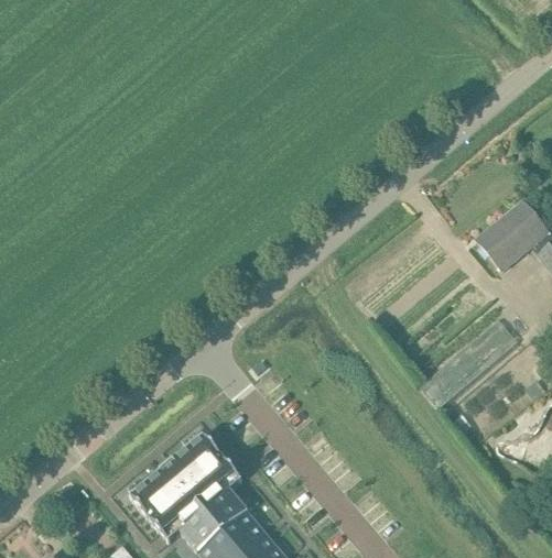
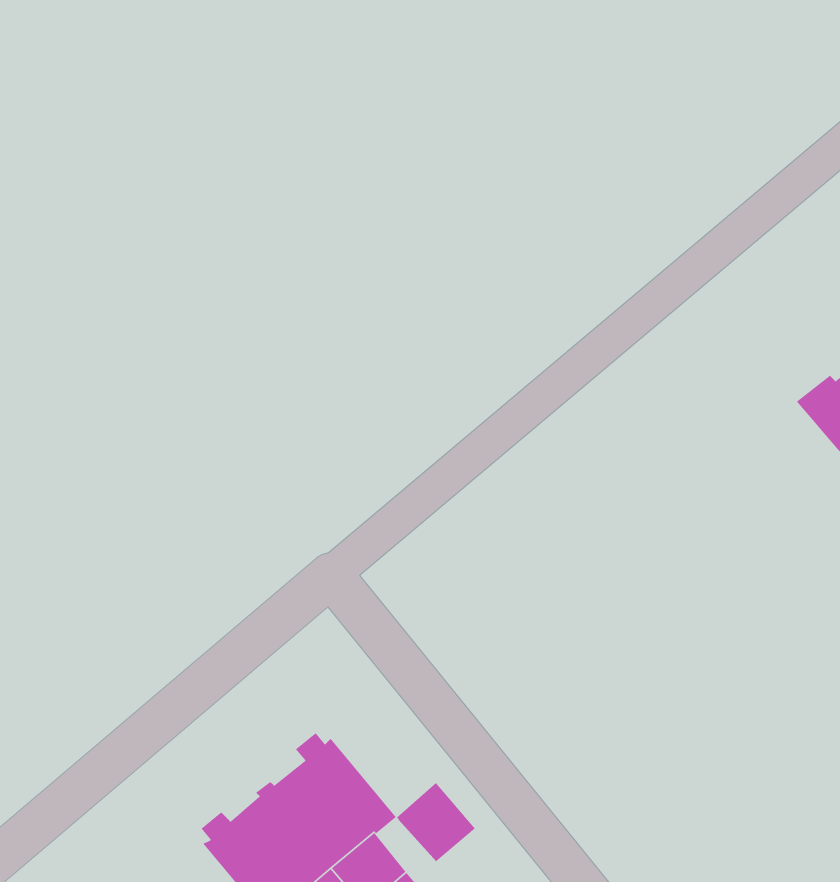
building: none -> [396,782,476,862]

